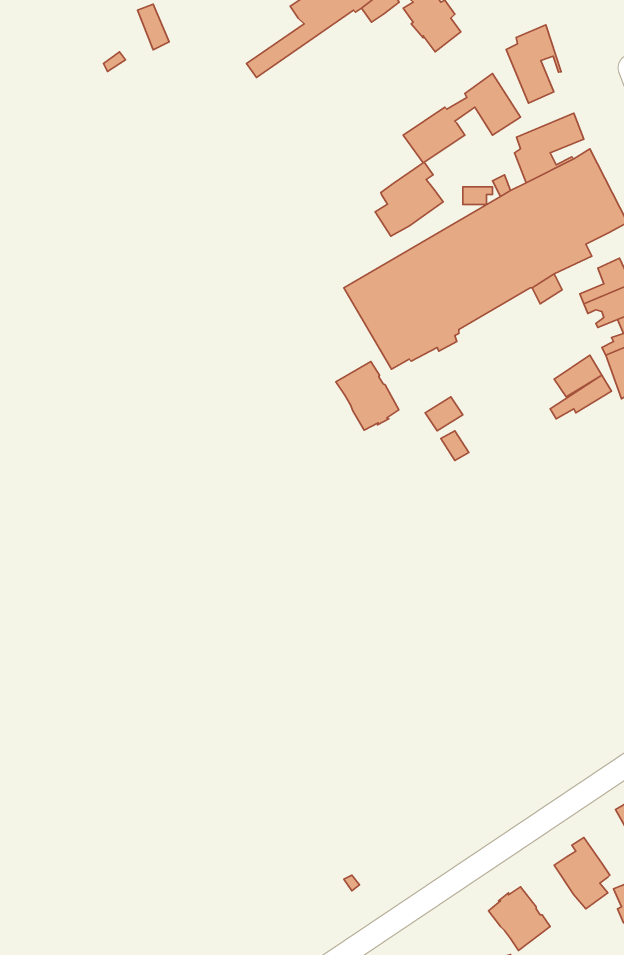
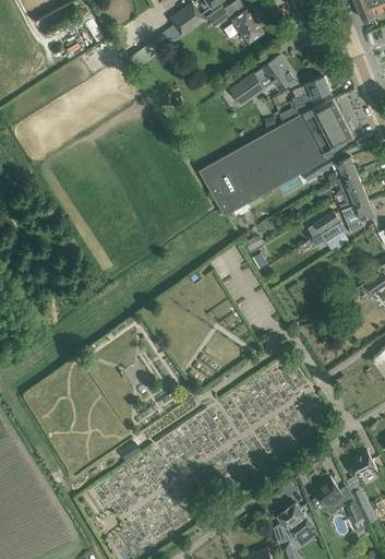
building: [506,25,561,103] -> none
building: [375,162,443,236] -> none
building: [336,362,399,430] -> none

